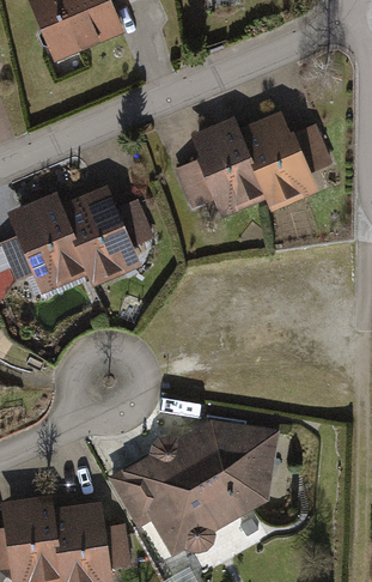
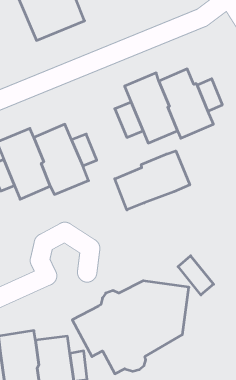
building: none -> [115,151,190,210]
building: none -> [178,256,214,295]

